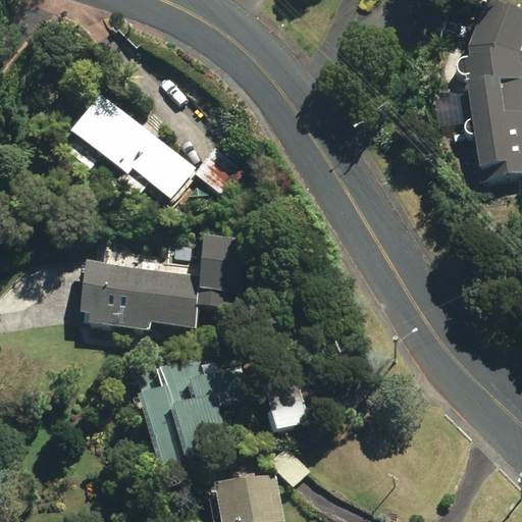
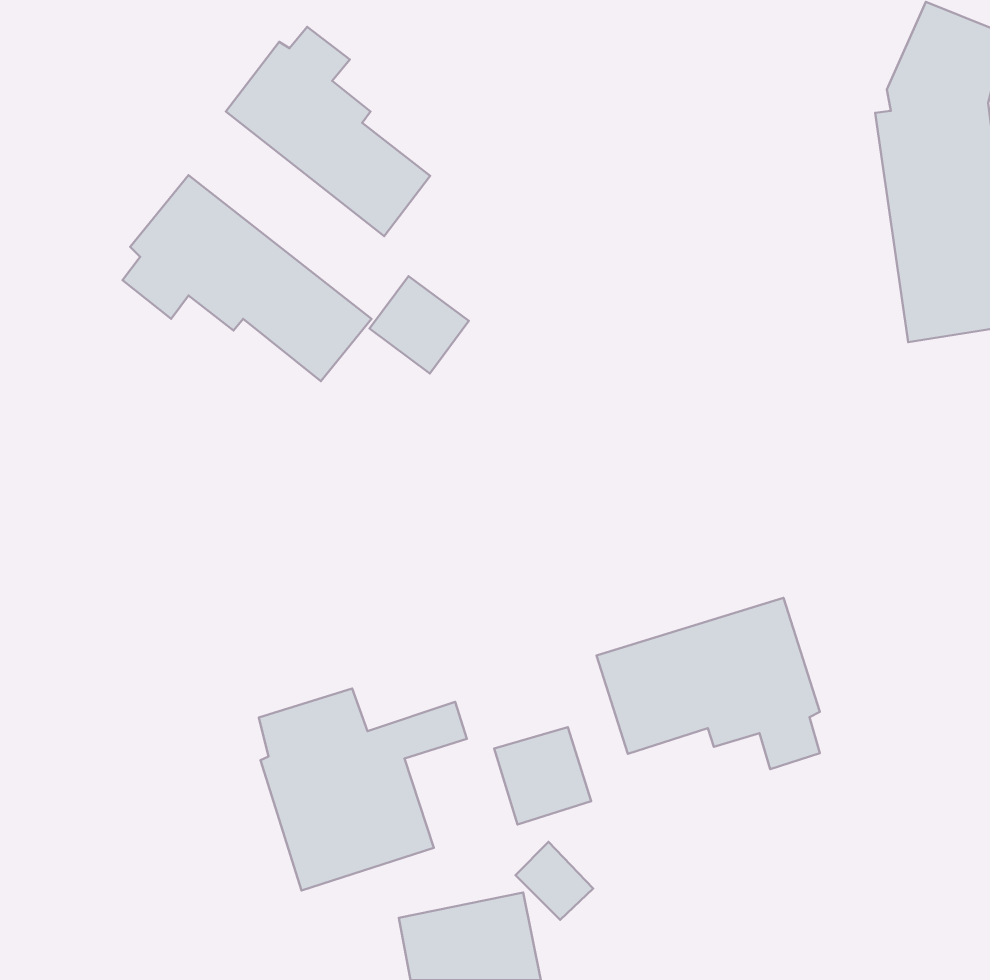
building: none -> [226,27,430,236]
building: [79,236,246,330] -> none
building: none -> [597,598,820,769]

